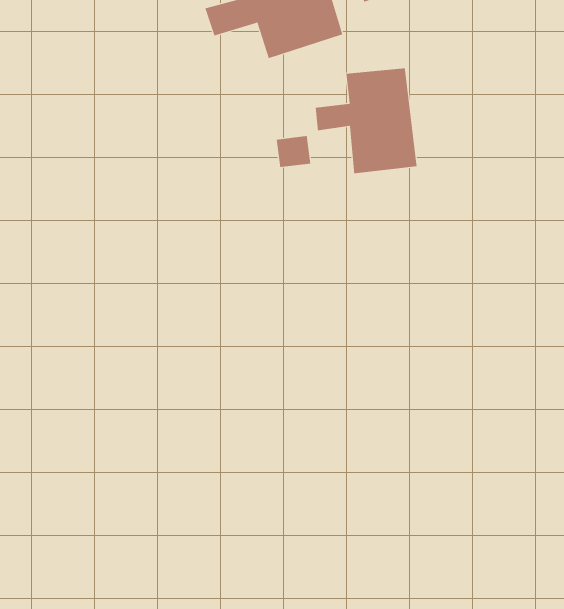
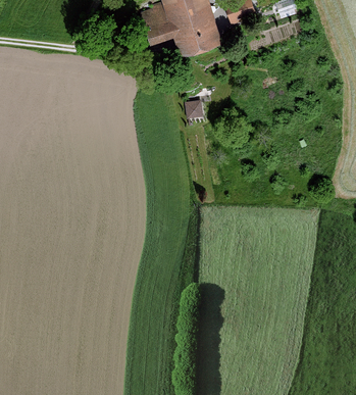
building: [315,67,417,174] -> none

